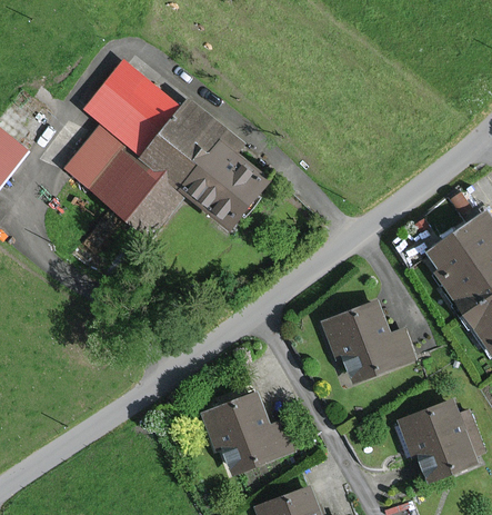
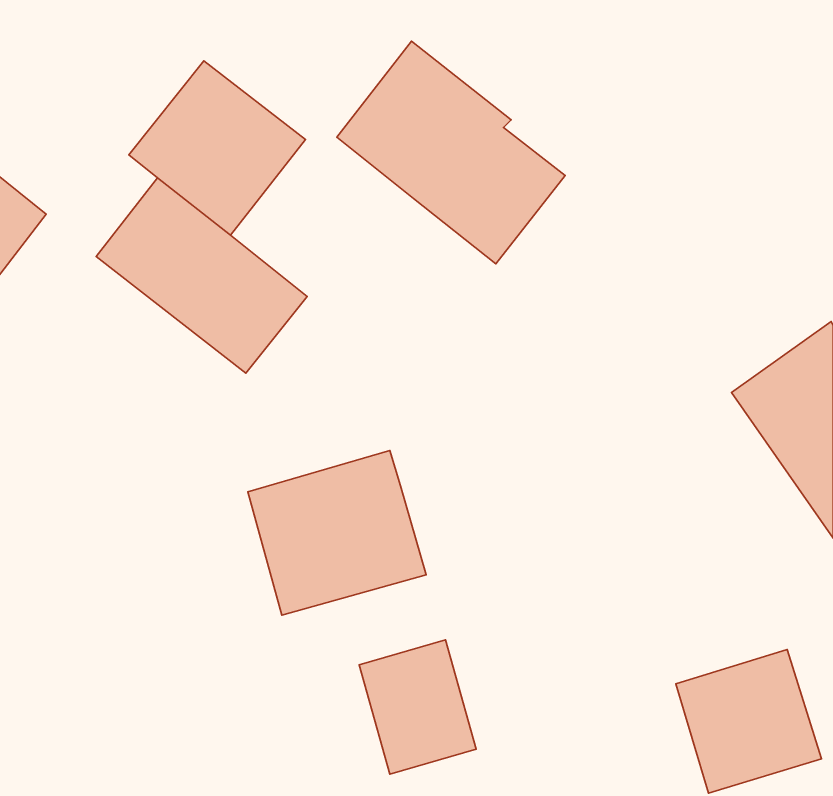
building: [139,103,271,232] -> [337,41,565,264]
building: none -> [248,451,426,615]
building: [323,301,414,380] -> none

